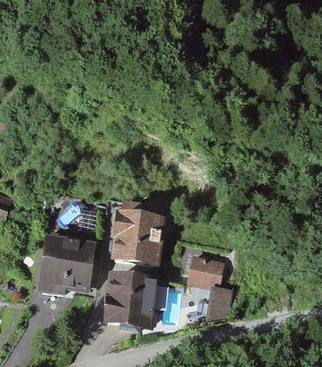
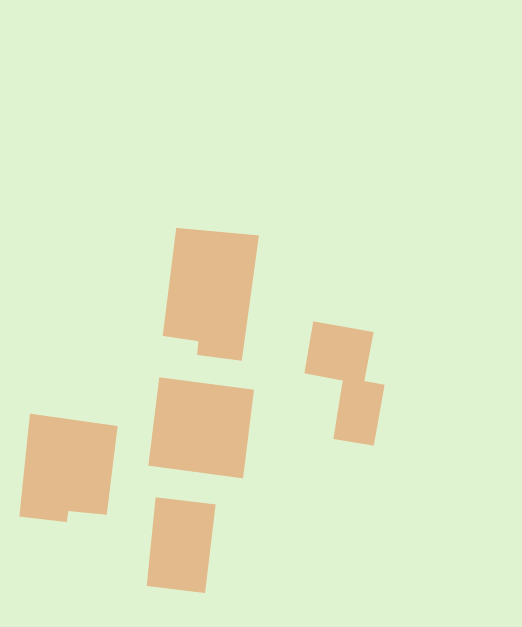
building: none -> [162,227,260,361]
building: [189,253,234,322] -> [303,321,385,446]

